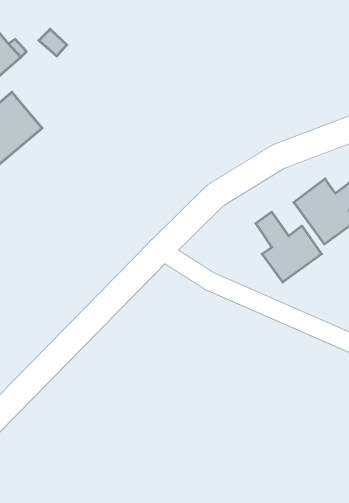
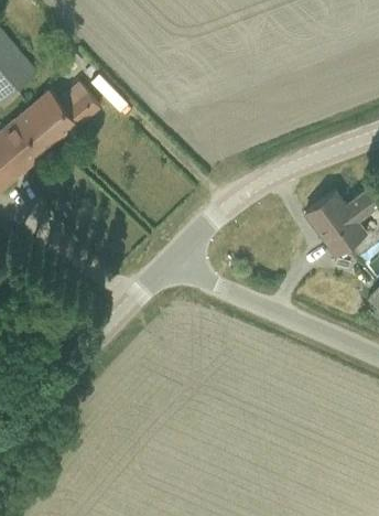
building: none -> [28,83,98,142]
building: [256,212,322,282] -> none

